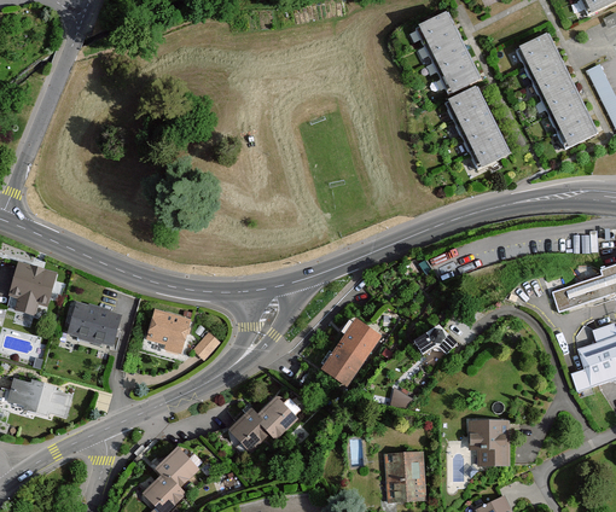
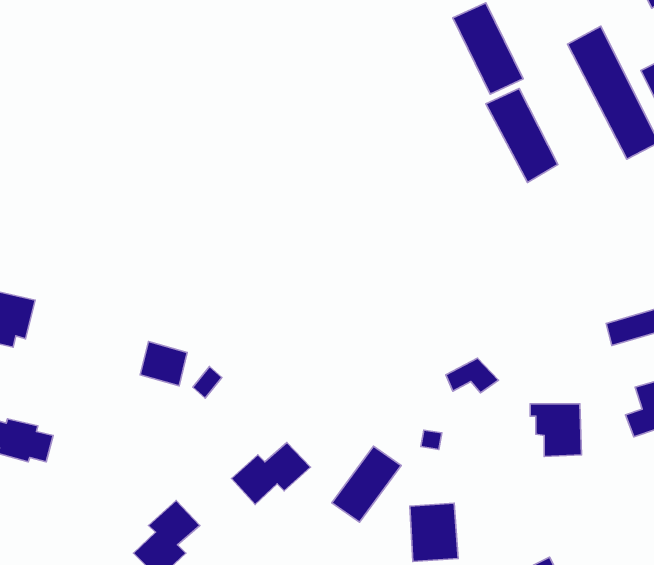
building: [65,301,120,345] -> none
building: [319,319,379,385] -> [332,446,401,522]
building: [466,421,511,467] -> [530,404,581,456]

